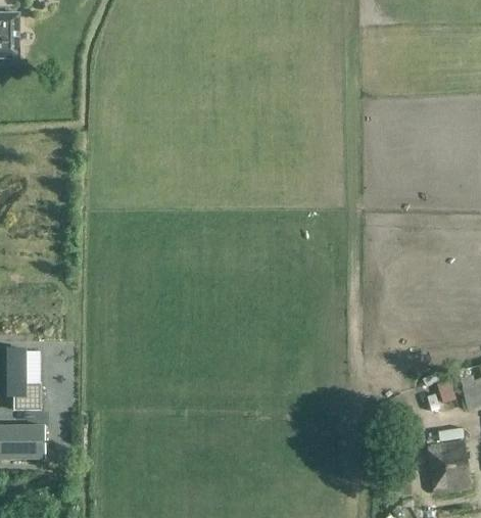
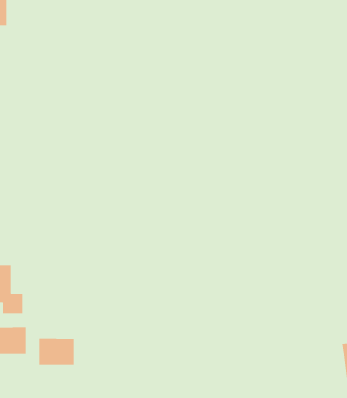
building: none -> [39,338,75,365]

